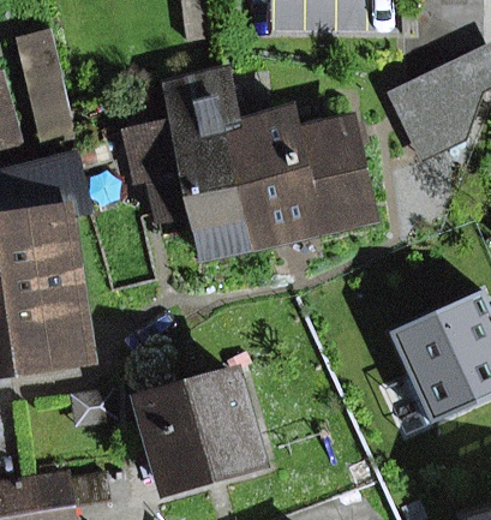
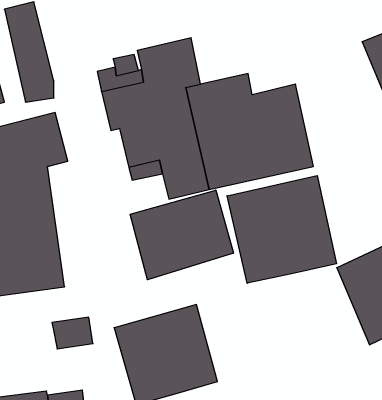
building: none -> [227,176,336,283]
building: none -> [130,190,233,280]

